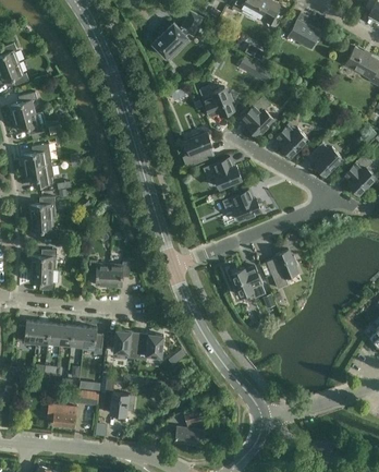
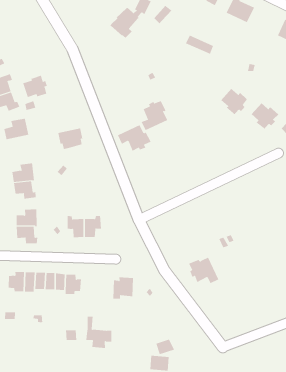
building: [198,83,232,116] -> none
building: none -> [23,75,48,98]
building: [241,96,272,136] -> none
building: [201,157,241,187] -> [117,125,151,151]
building: [24,164,53,187] -> [57,128,83,150]
building: [221,190,259,220] -> none
building: [266,250,296,288] -> none
building: [230,266,265,298] -> [188,257,219,284]
building: [112,330,138,359] -> none
building: [46,404,75,427] -> none

